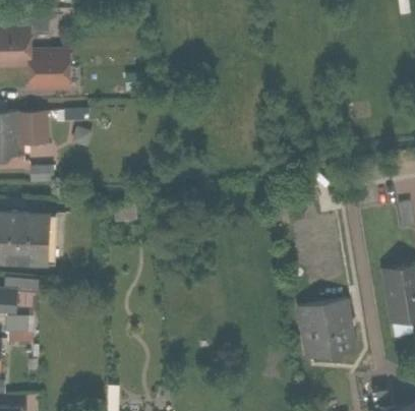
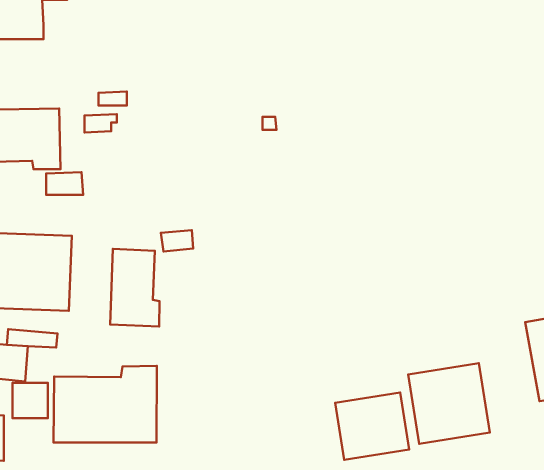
building: [33,57,71,91] -> none
building: none -> [110,249,160,326]
building: none -> [54,366,157,443]
building: none -> [335,392,409,460]

